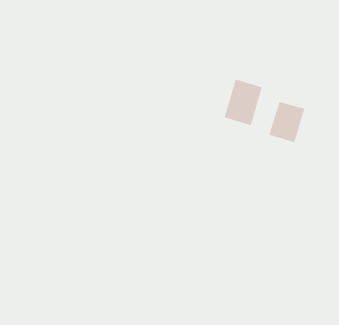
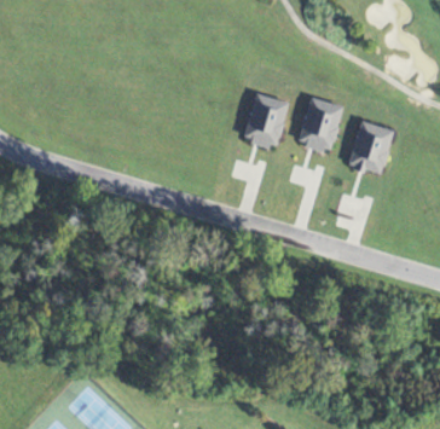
building: none -> [241,93,285,147]

